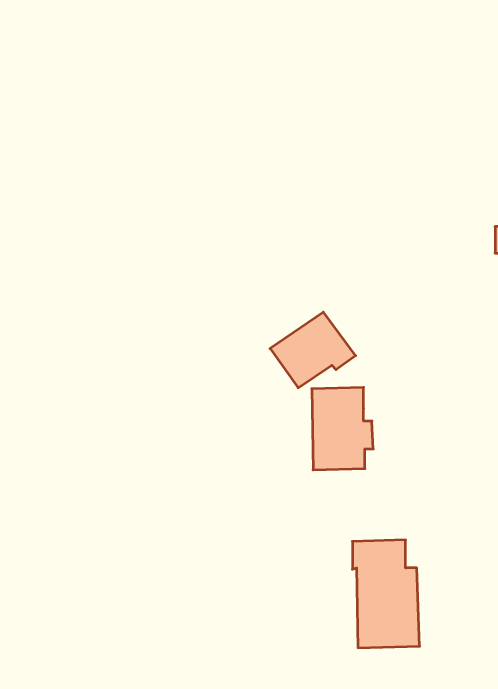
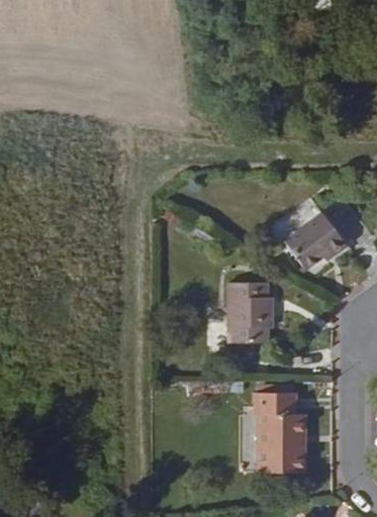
building: [270,312,356,388] -> [283,211,345,266]

